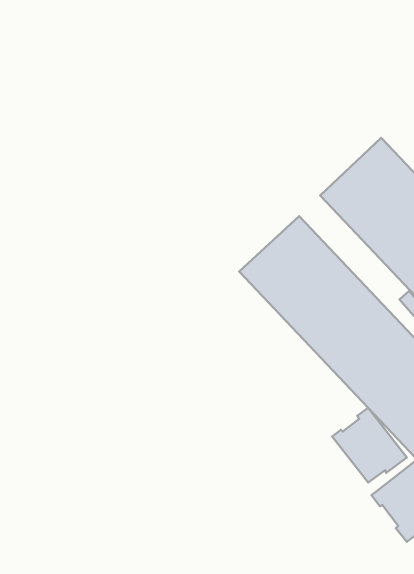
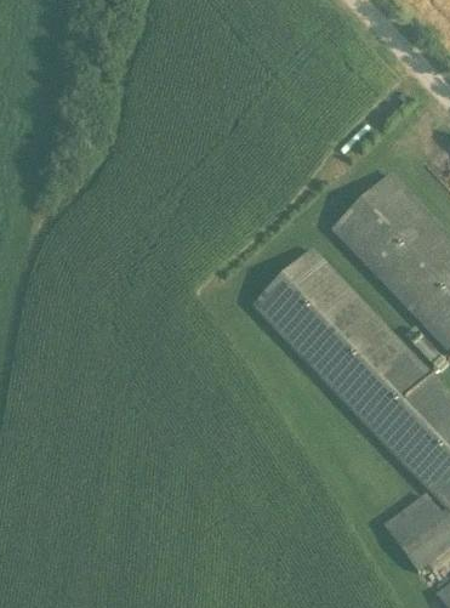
building: [332,408,407,482] -> none

